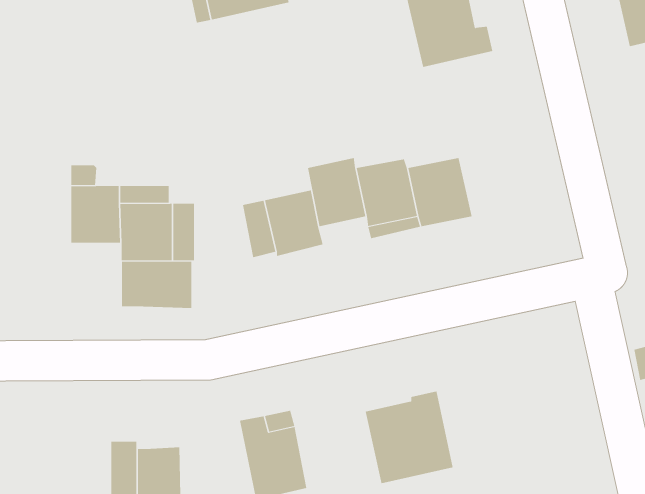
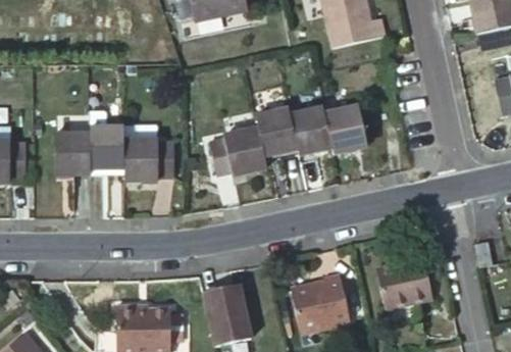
building: none -> [55,136,90,175]
building: [121,261,192,309] -> none
building: none -> [379,261,435,310]

